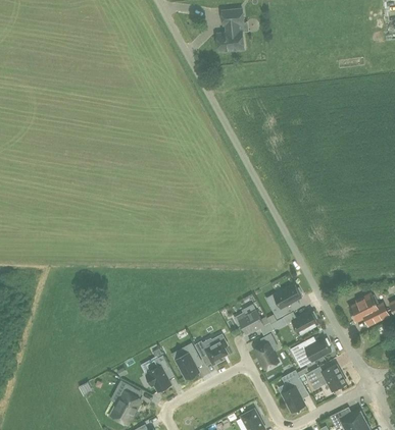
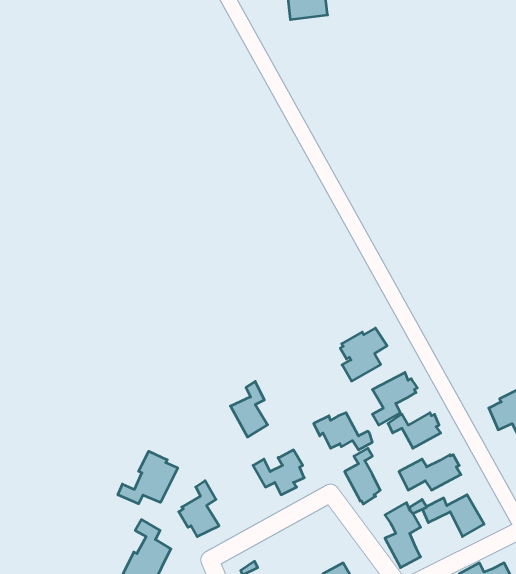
building: none -> [340,328,387,381]
building: none -> [118,451,178,504]
building: [175,342,199,379] -> [230,381,268,437]

